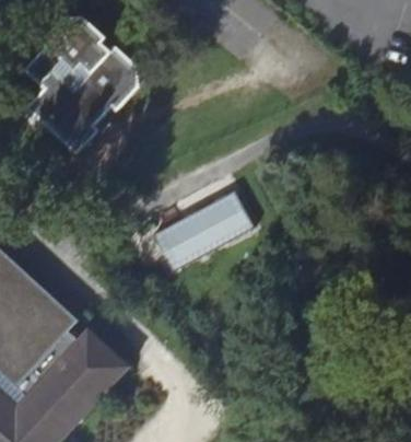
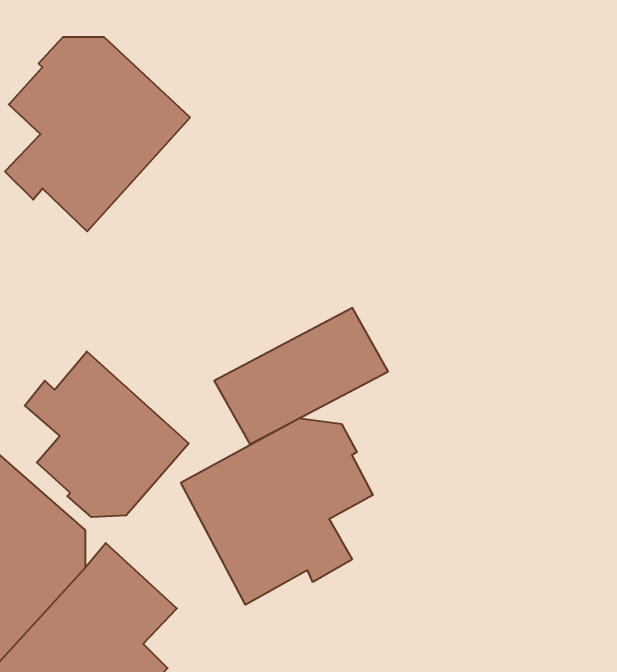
building: none -> [25,351,189,517]
building: none -> [181,418,373,605]

